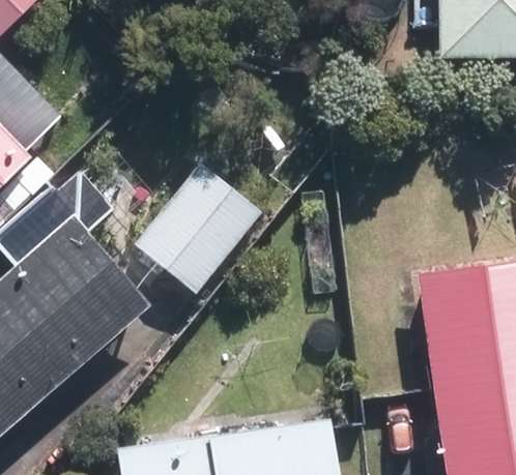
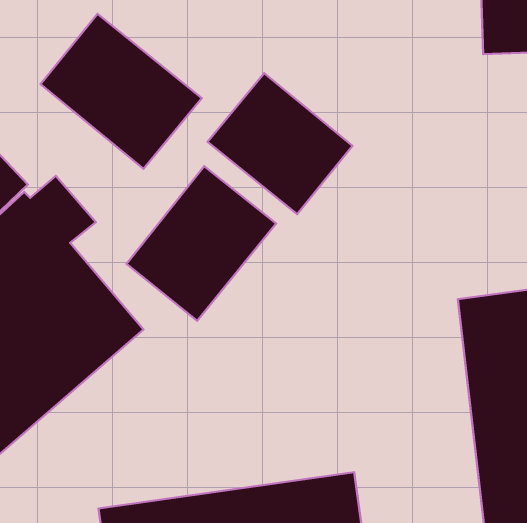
building: none -> [41,14,202,169]
building: none -> [208,73,353,214]

